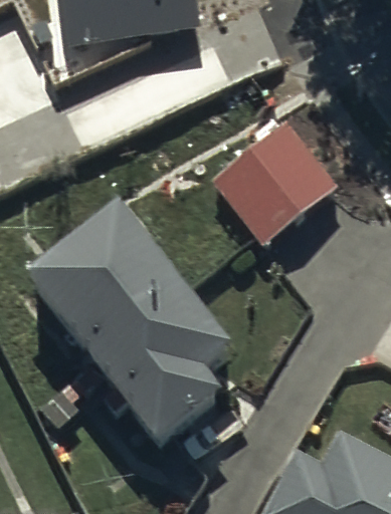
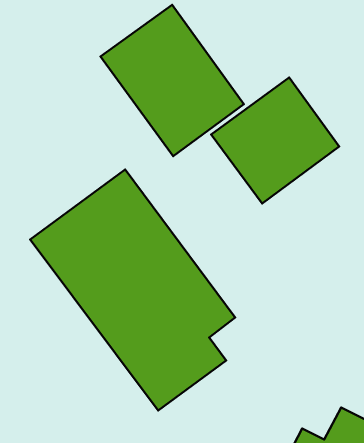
building: none -> [100,5,244,156]

